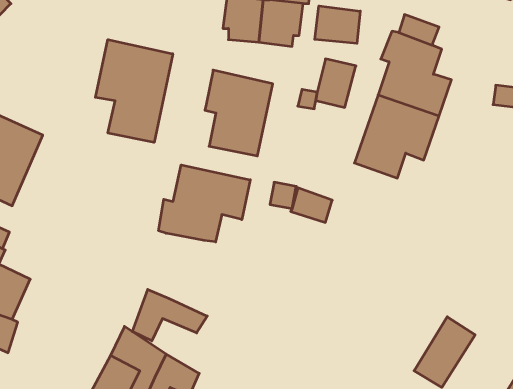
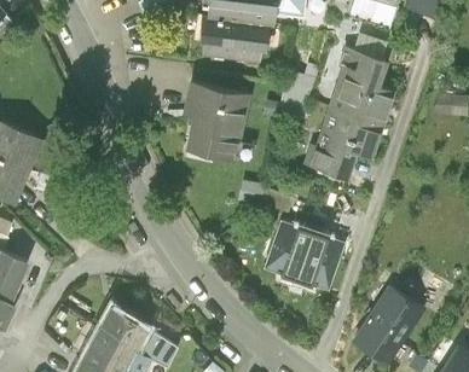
building: [315,6,360,43] -> none
building: [95,40,173,142] -> none
building: [159,165,250,242] -> none
building: none -> [266,222,343,286]
building: [132,289,207,341] -> none

